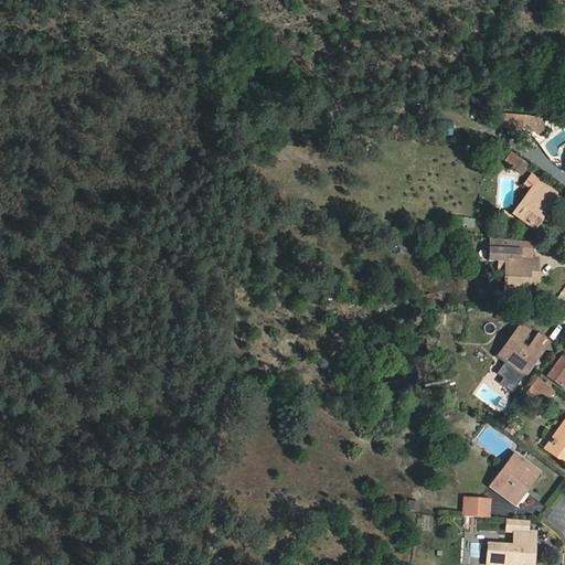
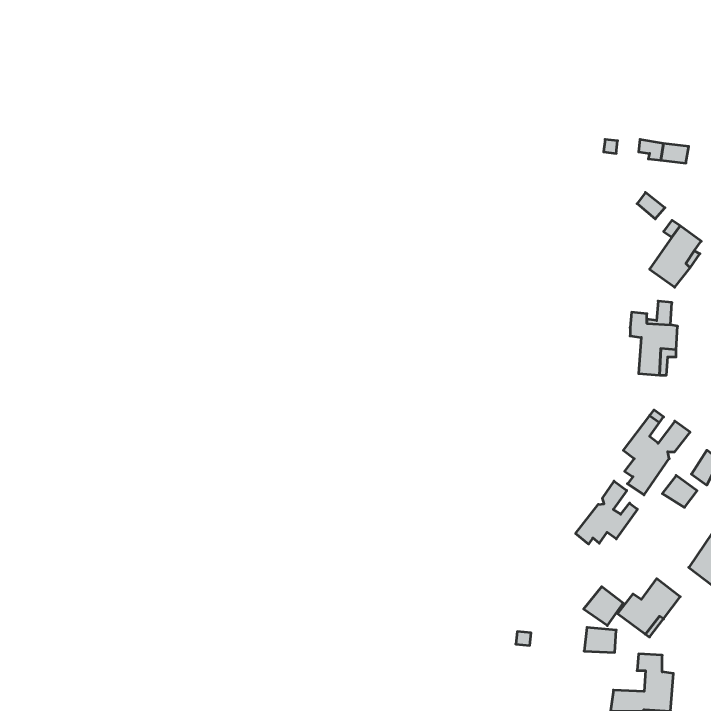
building: [489,236,522,259] -> none
building: none -> [576,481,637,544]
building: none -> [584,587,623,626]

